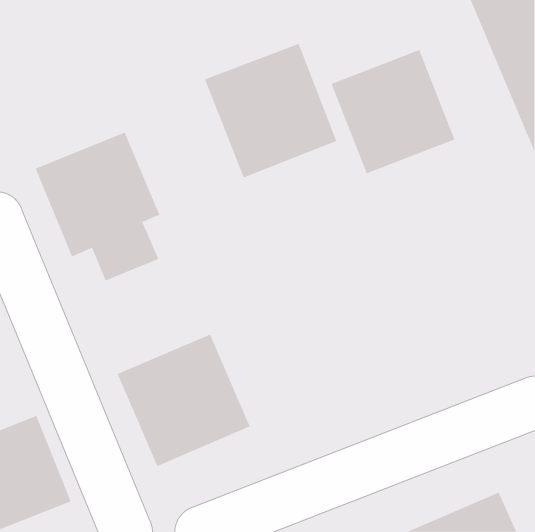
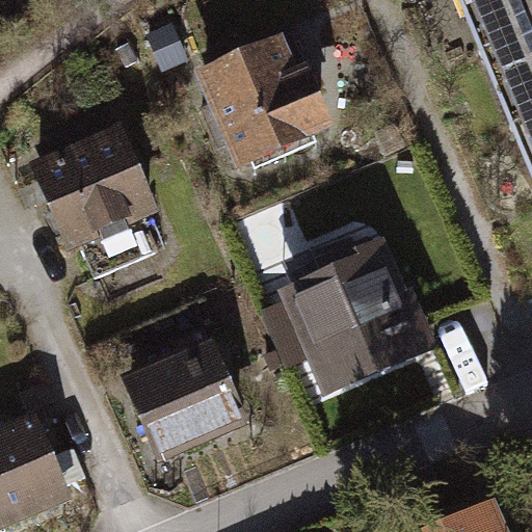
building: [331,49,455,174] -> none
building: none -> [276,232,437,393]

